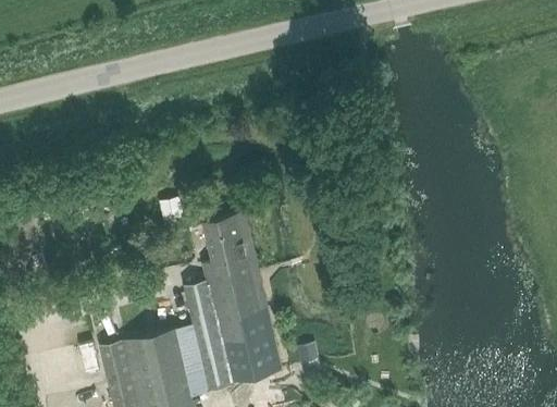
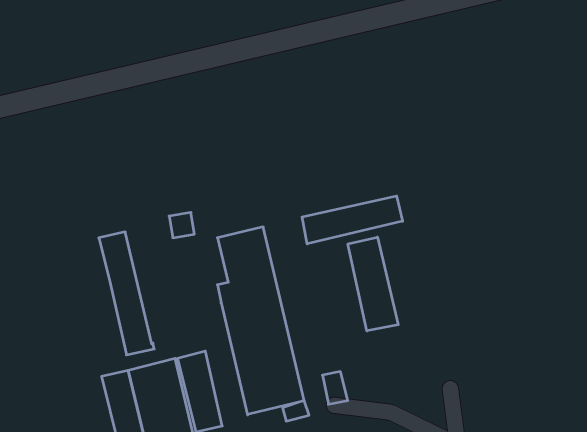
building: none -> [302,196,403,244]
building: none -> [348,237,398,331]
building: [183,282,233,393] -> [99,232,154,355]

